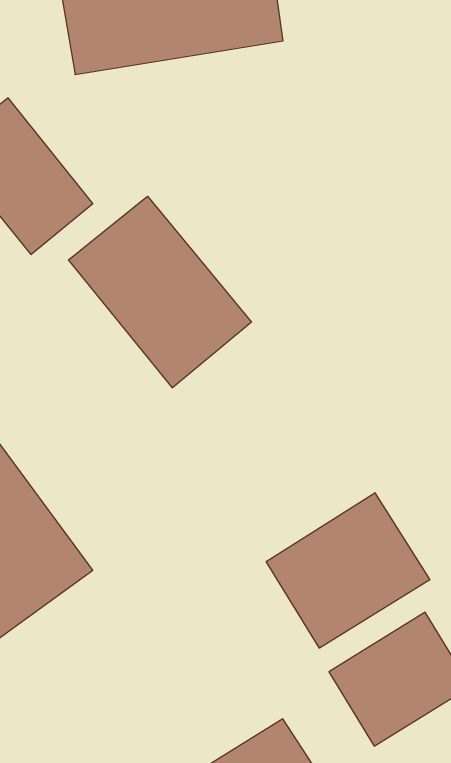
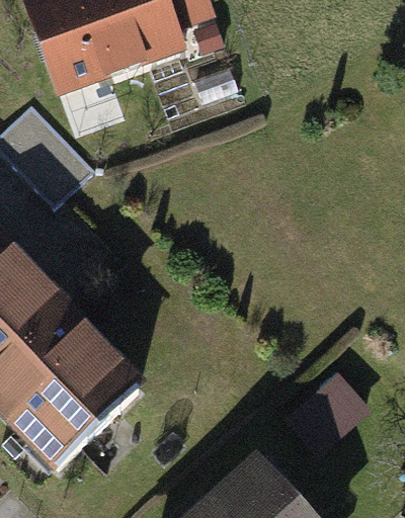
building: [68,196,251,388] -> none
building: [266,493,430,648] -> none

